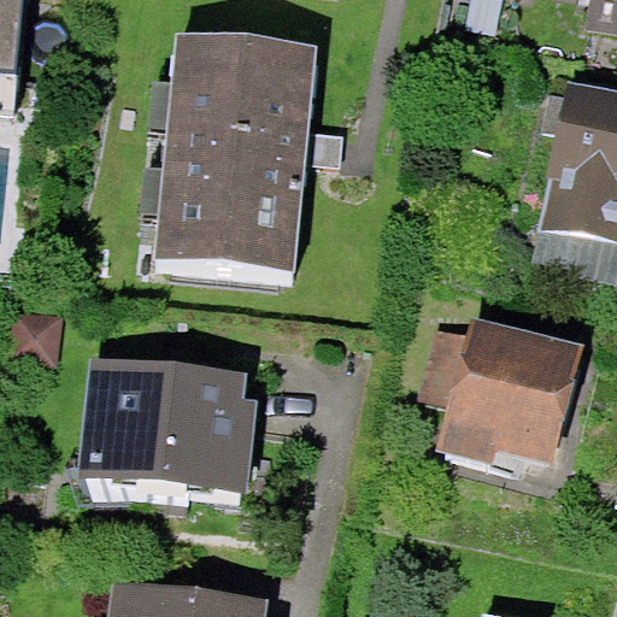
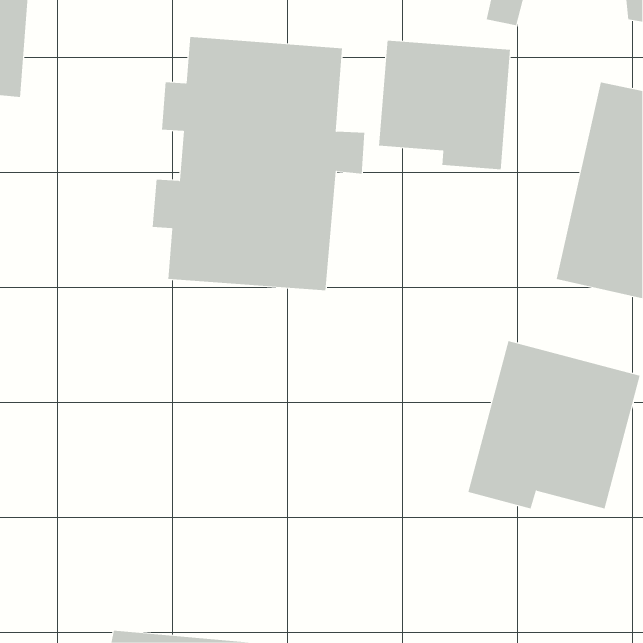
building: none -> [379,40,510,170]
building: [87,365,260,494] -> none

